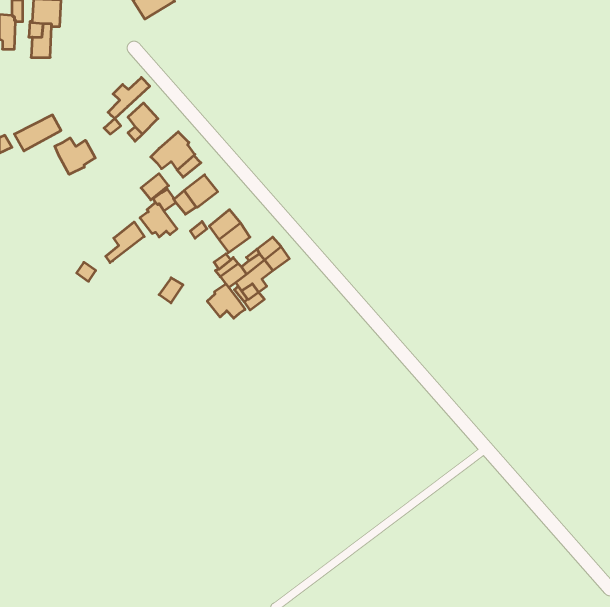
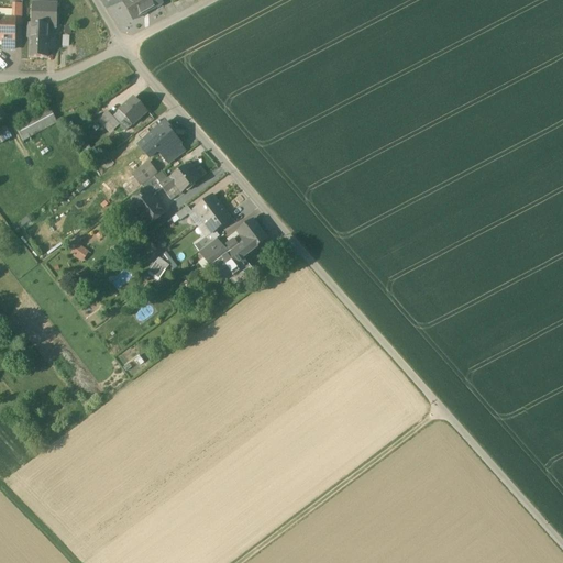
building: [108,77,150,119] -> none
building: [55,138,95,174] -> none
building: [106,222,144,263] -> none
building: [207,284,245,318] -> none

